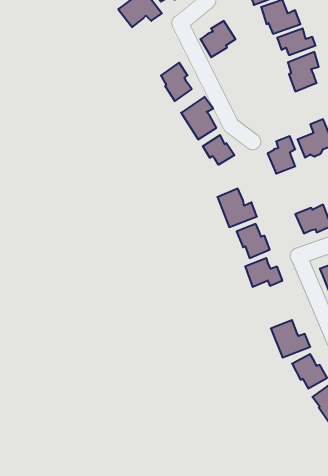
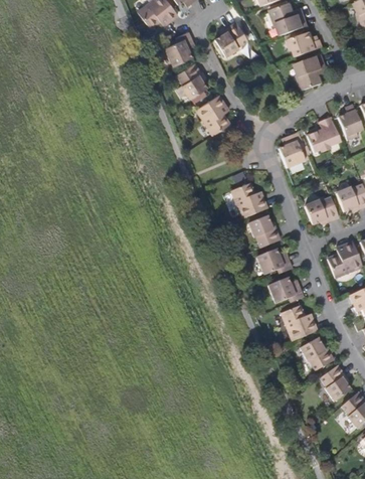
building: none -> [165,32,194,66]
building: [203,135,234,165] -> none
building: none -> [268,276,304,302]

